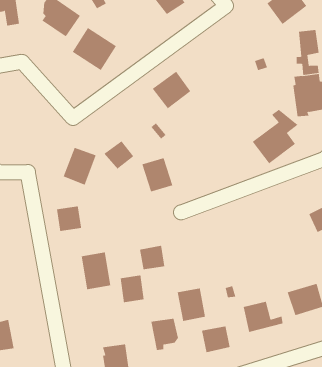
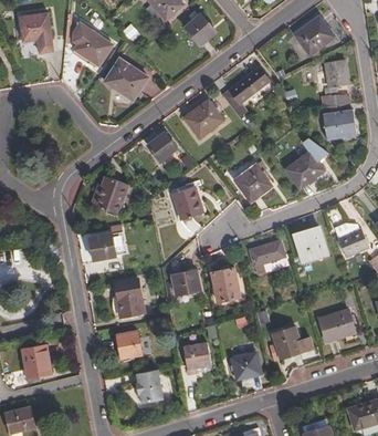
building: none -> [221,69,269,120]
building: none -> [233,165,270,201]
building: [104,140,134,170] -> [146,133,176,162]
building: none -> [292,229,324,259]
building: none -> [246,240,281,273]
building: [120,275,145,303] -> [115,330,139,357]
building: [177,288,206,321] -> [209,268,238,301]

